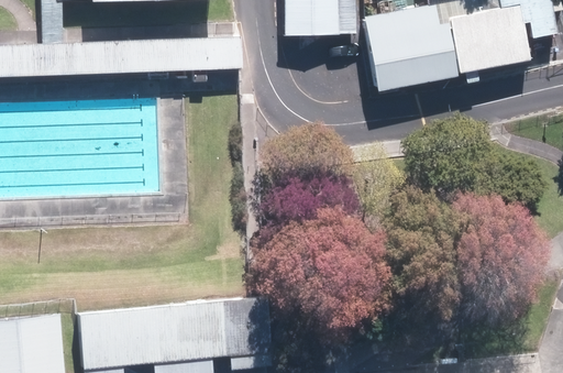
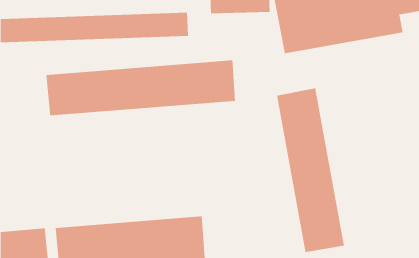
building: none -> [46,60,236,116]
building: none -> [276,88,344,253]

